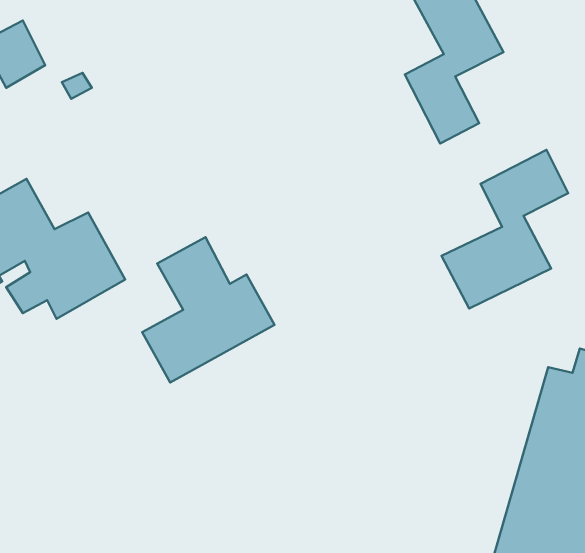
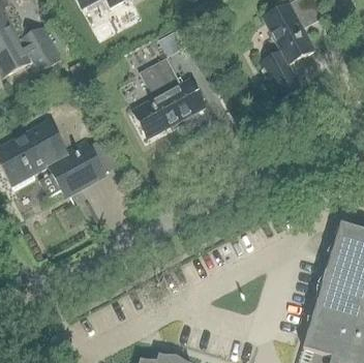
building: [442,150,568,309] -> none
building: [142,237,274,383] -> [133,57,207,138]

